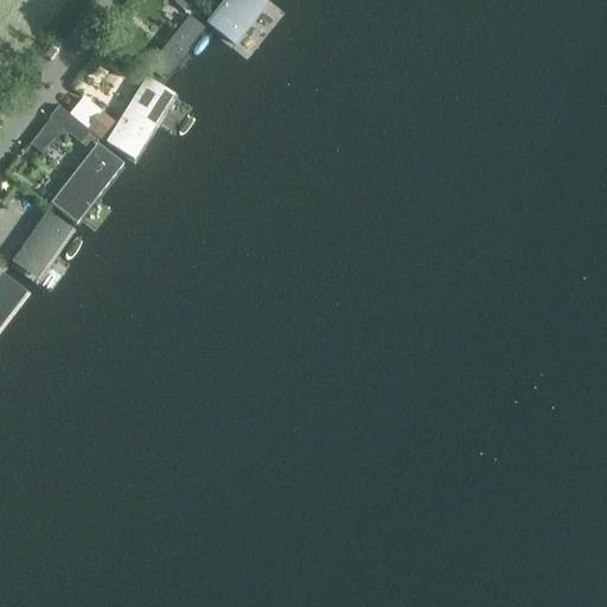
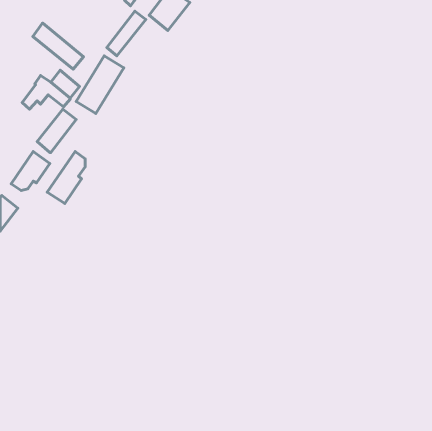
building: none -> [33,23,84,69]
building: none -> [47,152,85,204]

